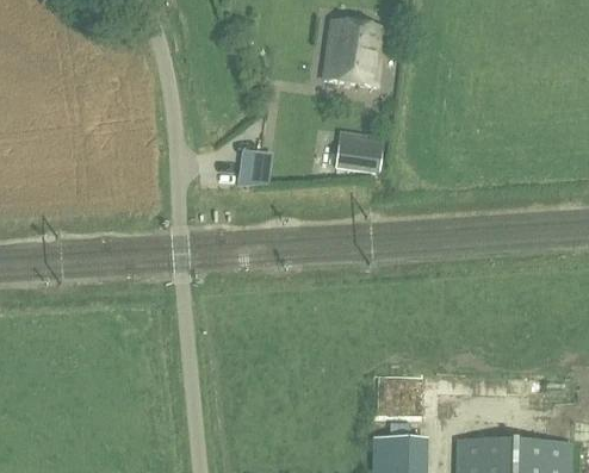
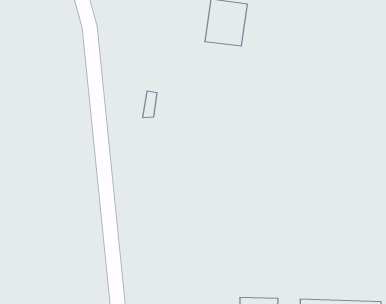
building: [335,144,382,173] -> none

